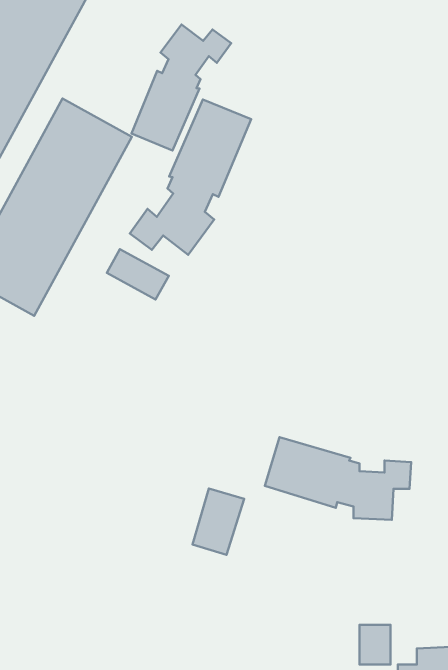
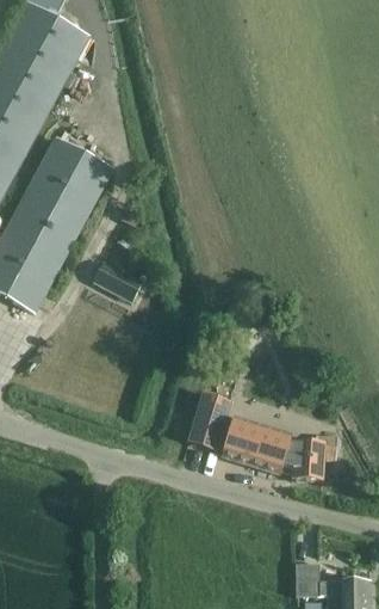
building: [132,25,231,150] -> none
building: [130,100,251,255] -> none
building: [192,488,244,555] -> [188,392,230,445]

